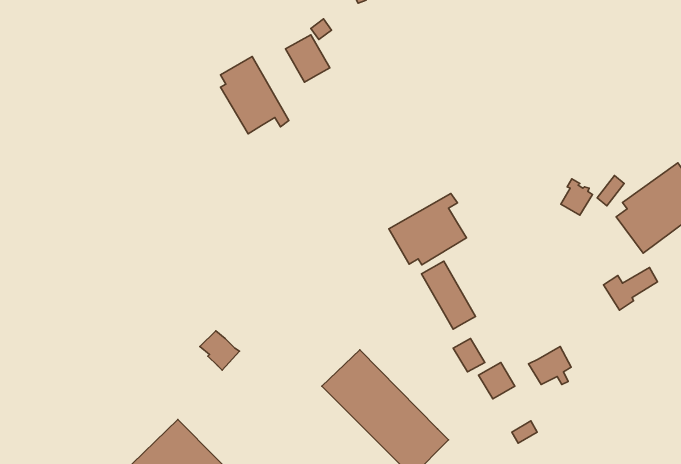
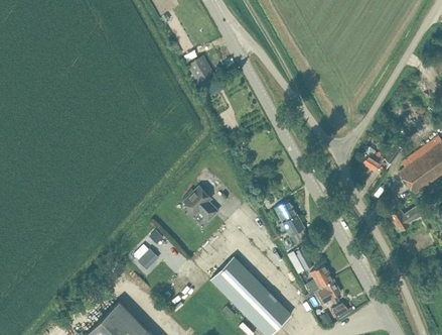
building: [220,56,289,134] -> none
building: [389,194,466,265] -> none
building: none -> [183,187,217,222]
building: [529,347,571,385] -> [313,281,340,305]

